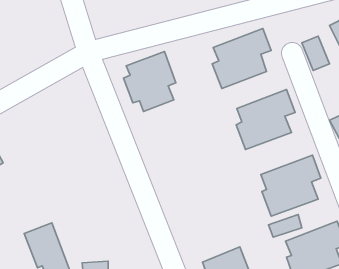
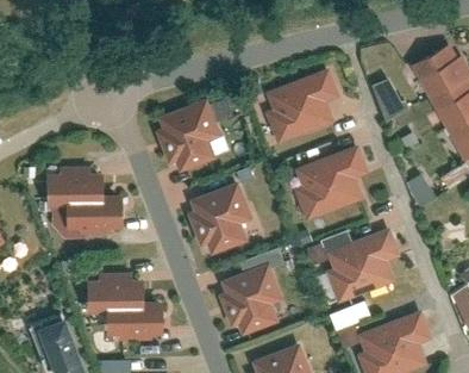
building: none -> [48,167,124,235]
building: none -> [187,182,252,256]
building: none -> [218,262,283,336]
building: none -> [88,274,164,342]

